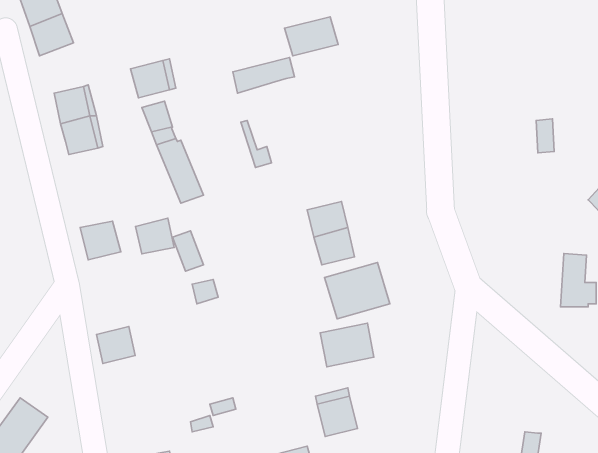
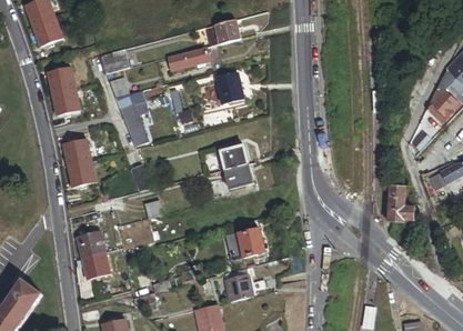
building: none -> [217,74,244,106]
building: [135,218,174,254] -> [59,139,85,163]
building: [325,262,390,319] -> none
building: none -> [79,251,107,277]

